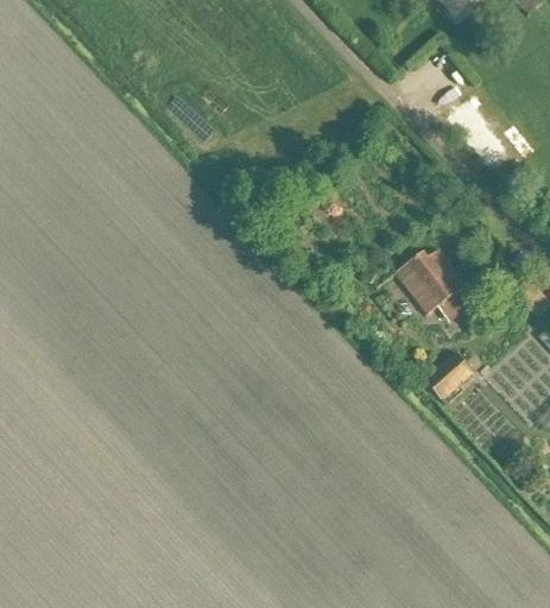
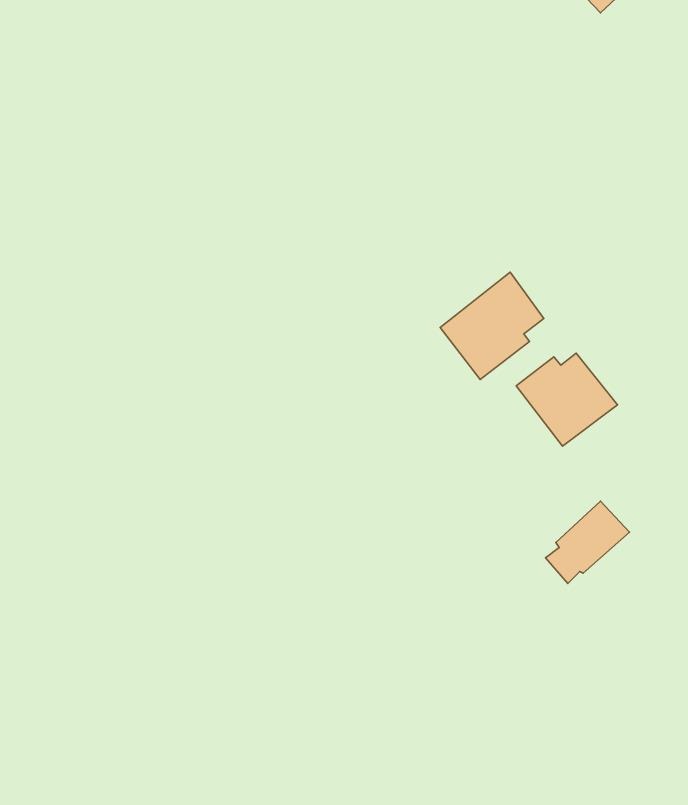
building: none -> [440,272,544,379]

